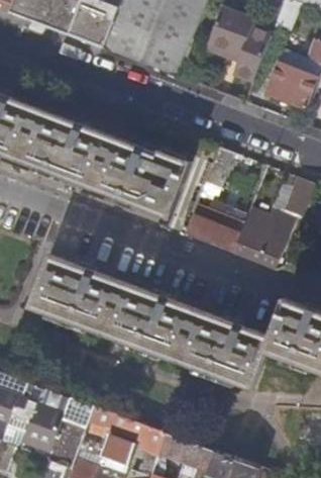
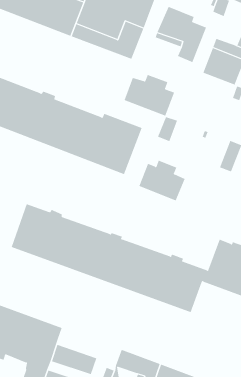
building: none -> [124,74,175,116]
building: [233,209,296,268] -> none
building: [89,406,166,453] -> none

